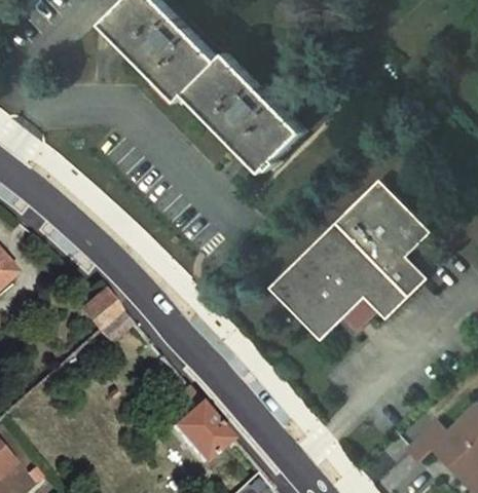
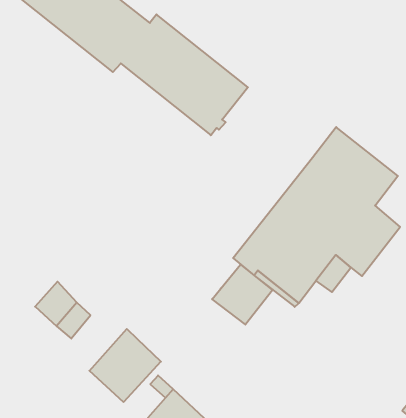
building: none -> [212,264,273,325]
building: none -> [89,329,161,402]

